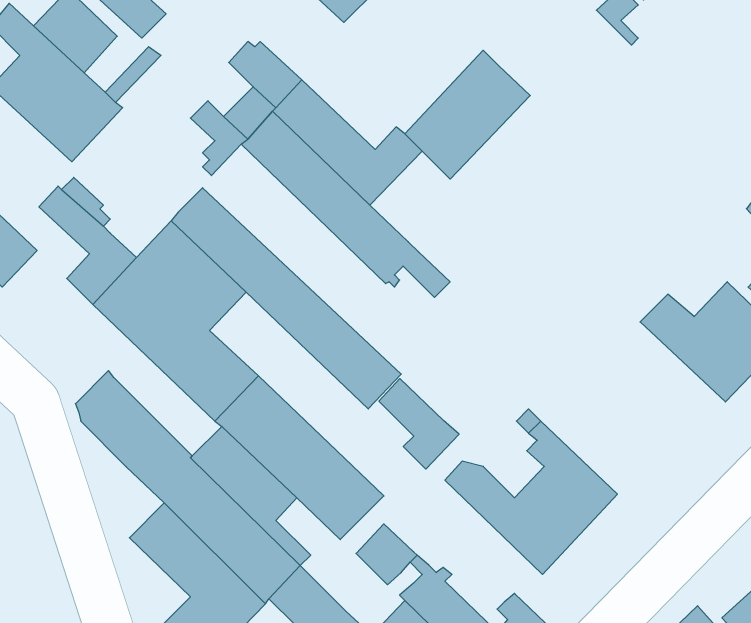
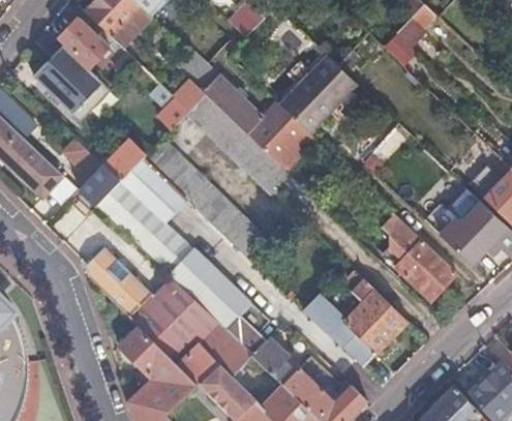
building: none -> [261,116,313,170]
building: none -> [107,138,147,179]
building: none -> [380,211,456,299]
building: [379,379,459,469] -> [205,322,252,375]

